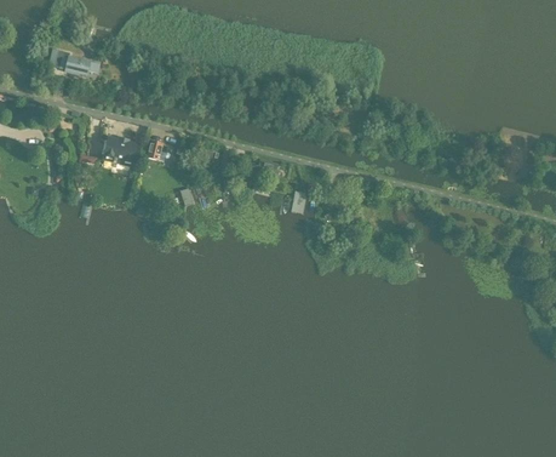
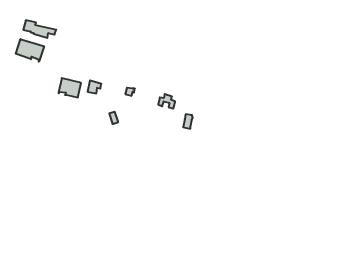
building: none -> [16,39,44,62]

